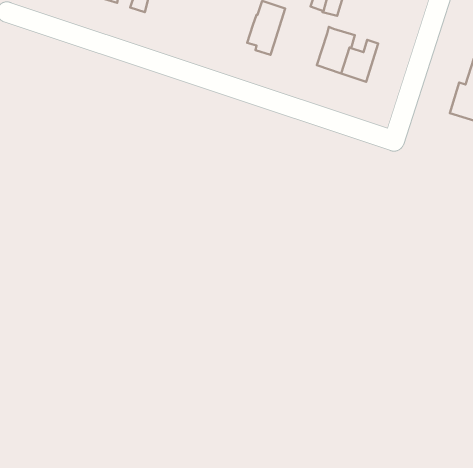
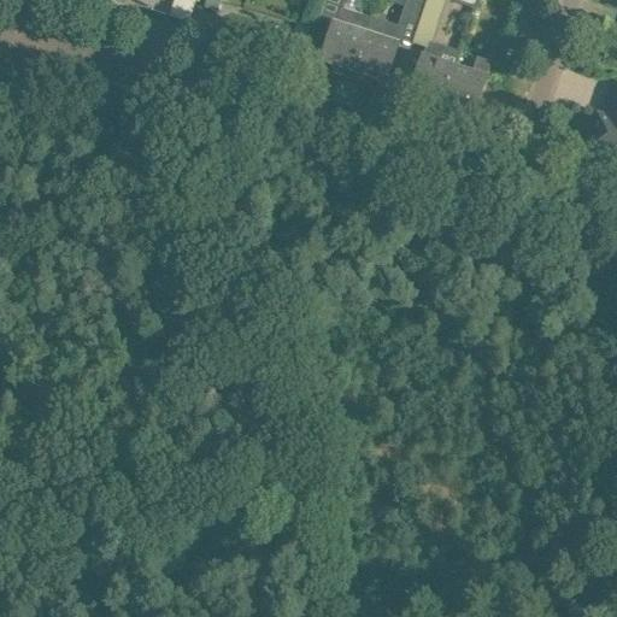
building: none -> [353,11,404,77]

